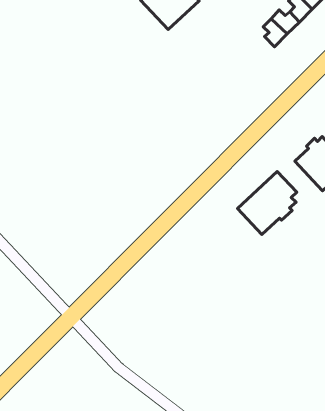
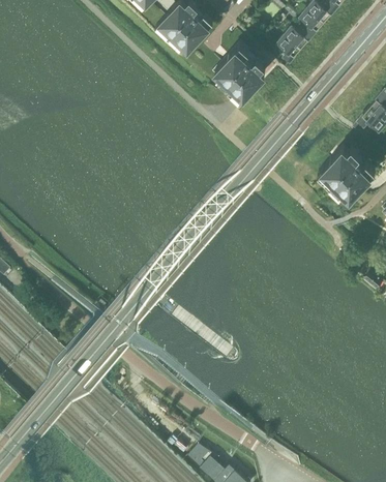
building: none -> [212,43,265,101]
building: [238,172,297,235] -> none

